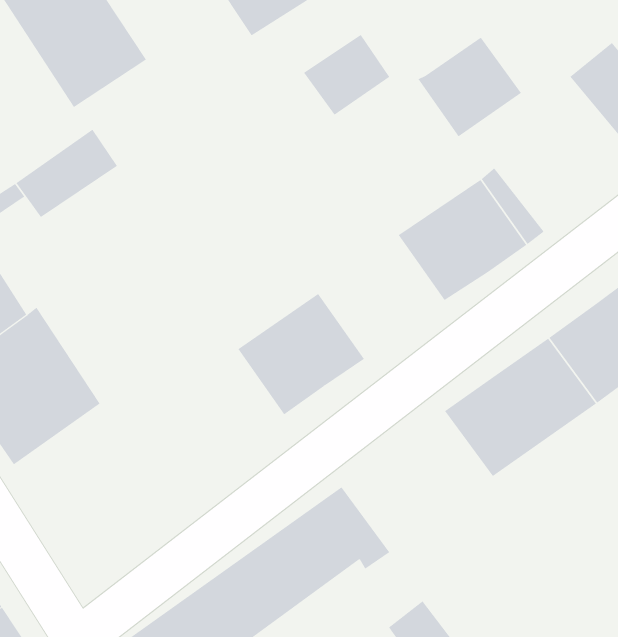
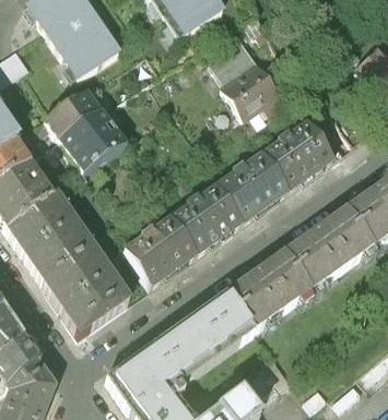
building: [418,37,522,137] -> [222,61,281,118]
building: none -> [60,111,127,175]
building: none -> [217,151,289,220]
building: none -> [126,215,198,285]
building: none -> [45,245,130,334]
building: none -> [231,250,316,329]

